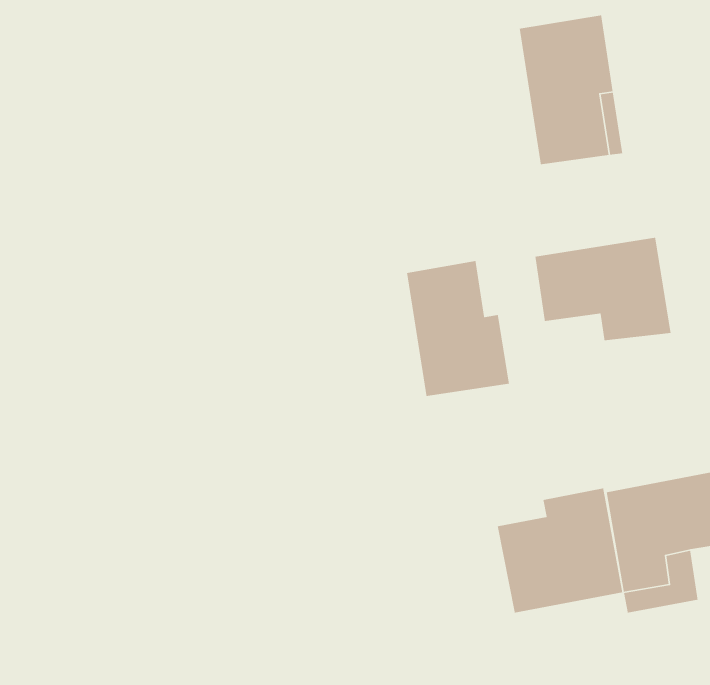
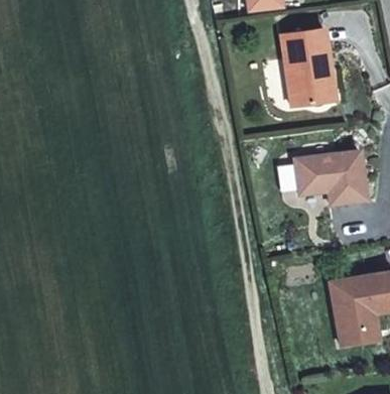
building: [406,260,510,397] -> none
building: [497,487,623,613] -> none

